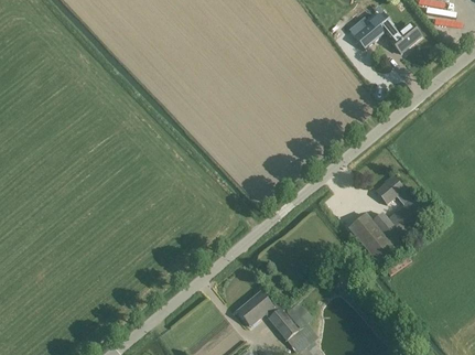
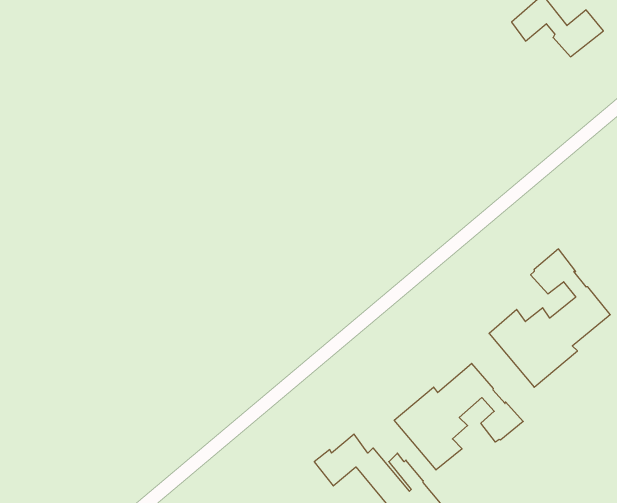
building: none -> [394,363,523,470]

